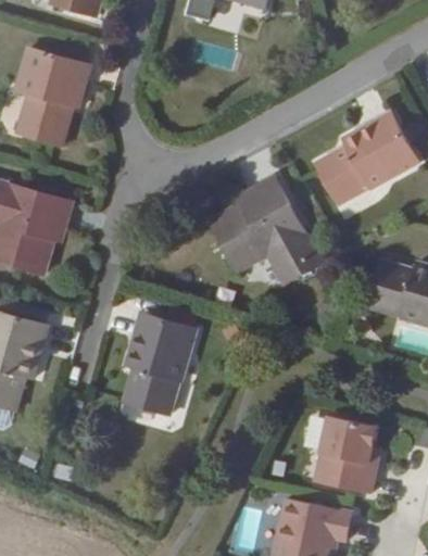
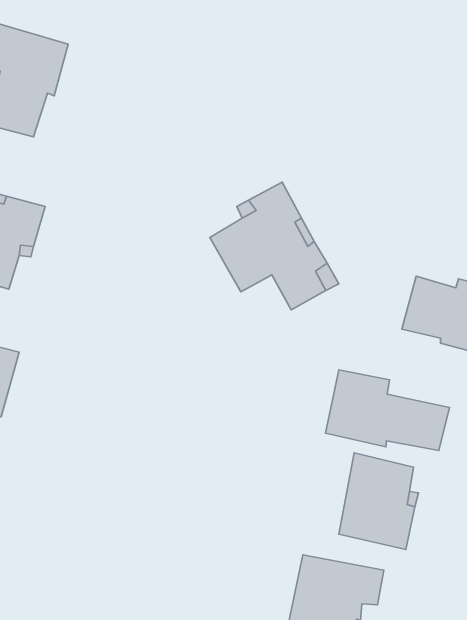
building: [315,113,417,203] -> none
building: [125,314,197,415] -> none
building: none -> [325,370,450,451]

